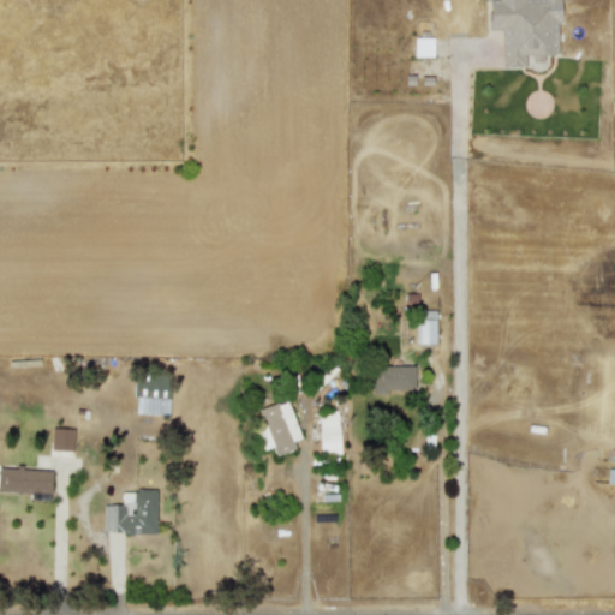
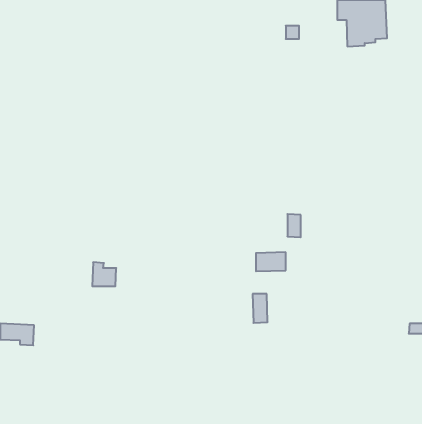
building: [256,400,304,456] -> none
building: [321,412,342,454] -> [253,294,268,323]
building: [53,428,79,450] -> none
building: [105,490,159,533] -> none

